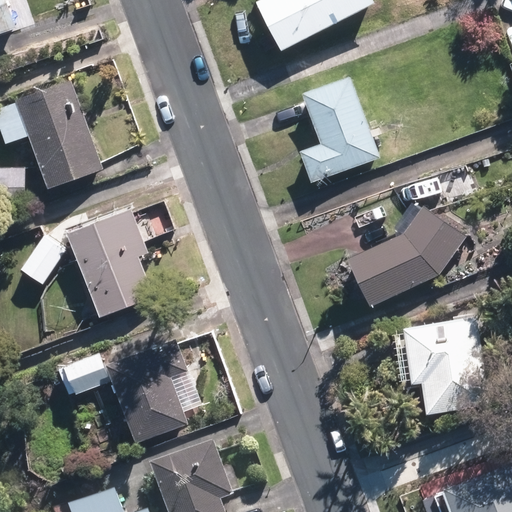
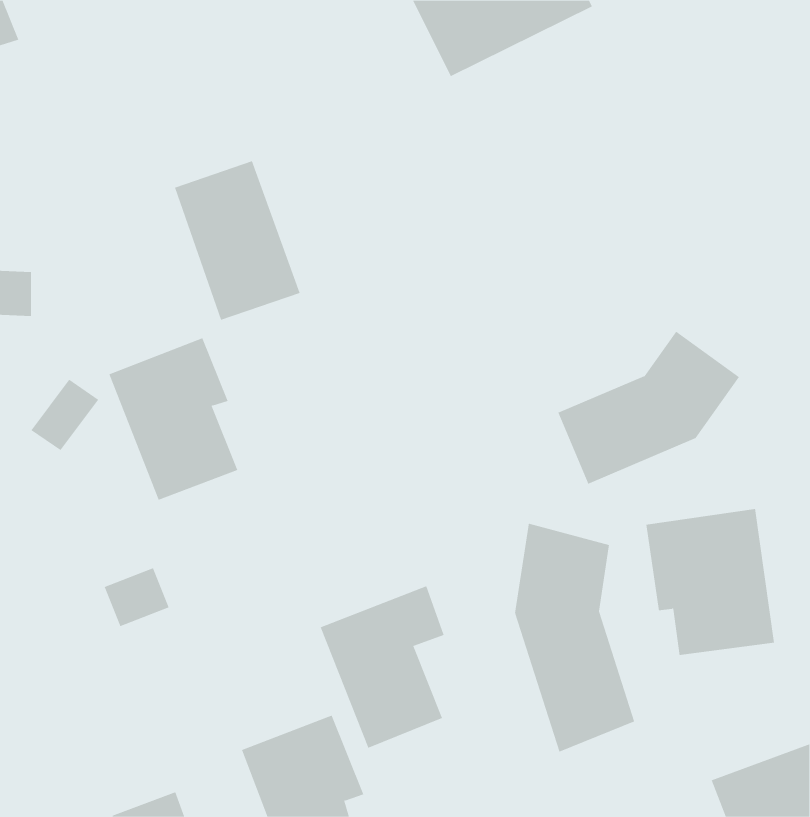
building: [300,78,375,179] -> none
building: [17,83,96,183] -> [174,160,300,320]
building: none -> [515,523,635,753]
building: [106,339,184,441] -> [320,585,444,749]

